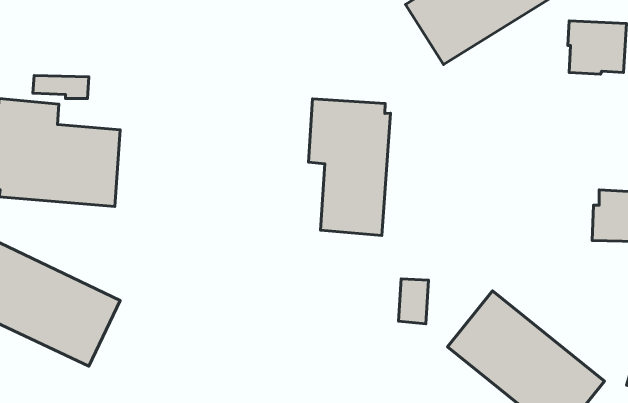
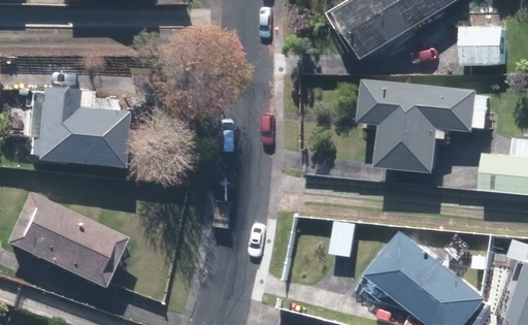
building: none -> [362,80,489,171]
building: [308,99,391,236] -> none

